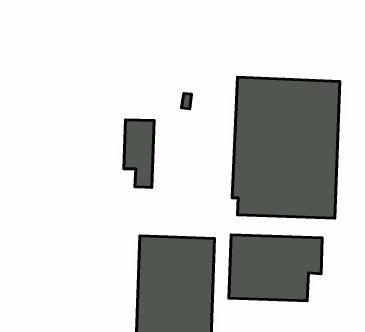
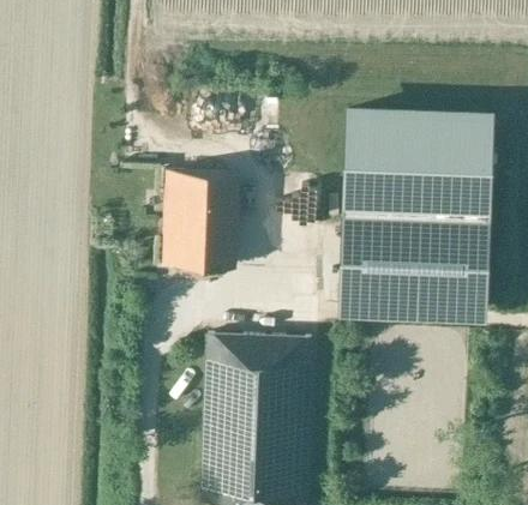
building: none -> [161,170,202,266]
building: [229,235,322,301] -> none

